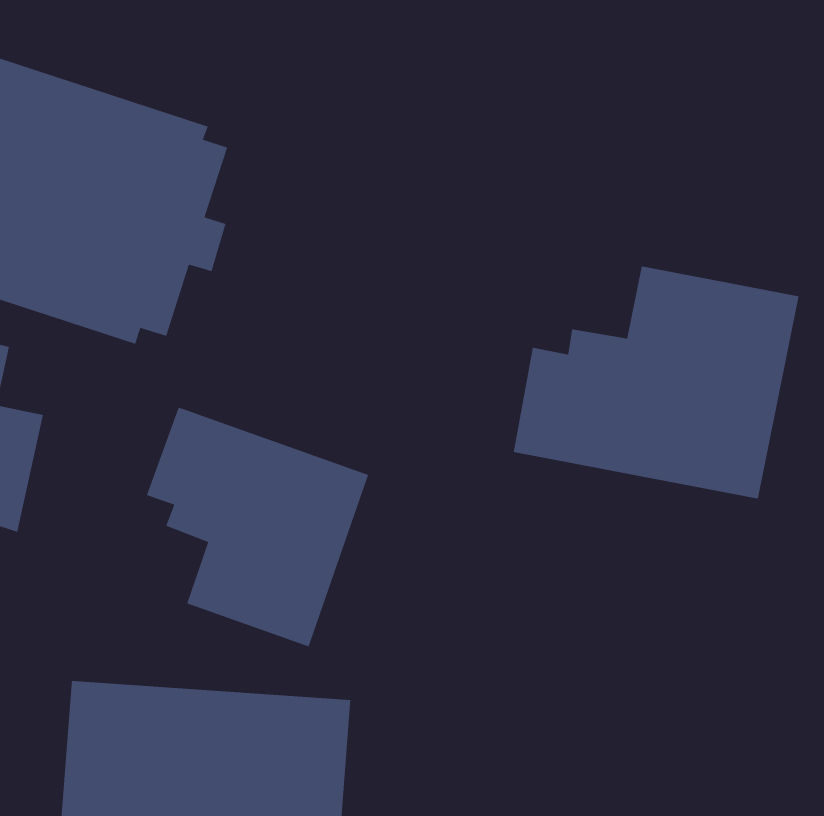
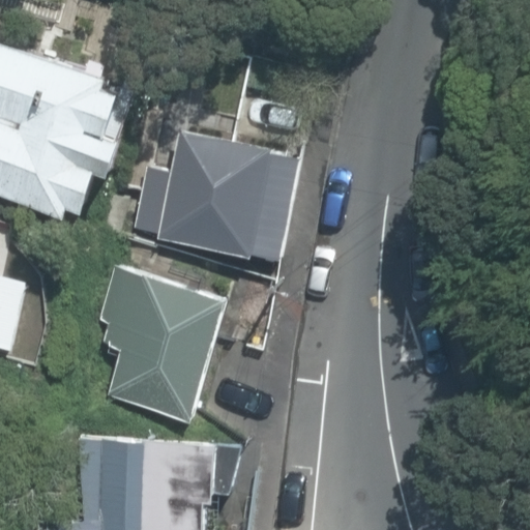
building: none -> [128,126,290,270]
building: [513,265,800,500] -> none

